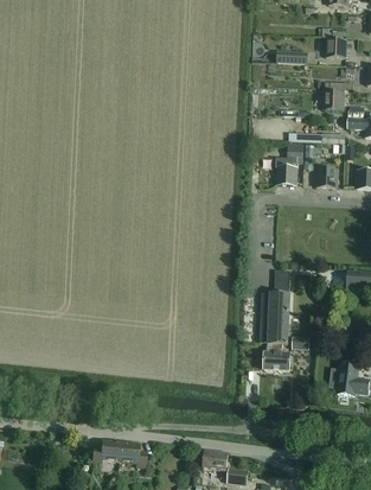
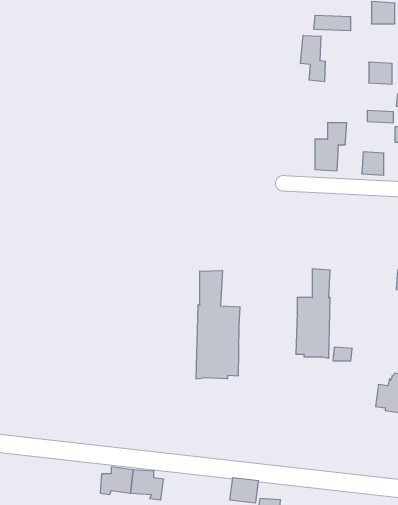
building: none -> [301,35,325,82]
building: none -> [196,270,240,379]
building: [263,344,290,370] -> none

